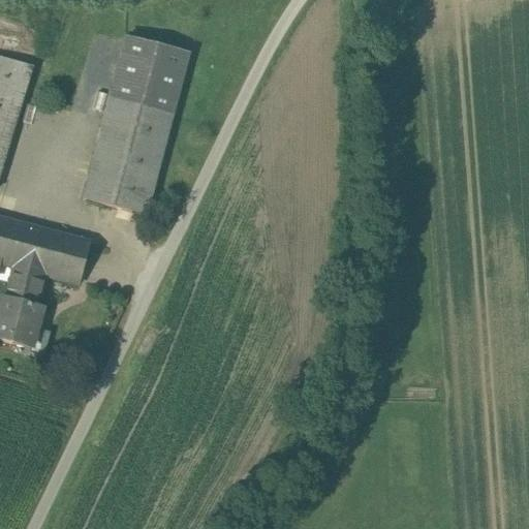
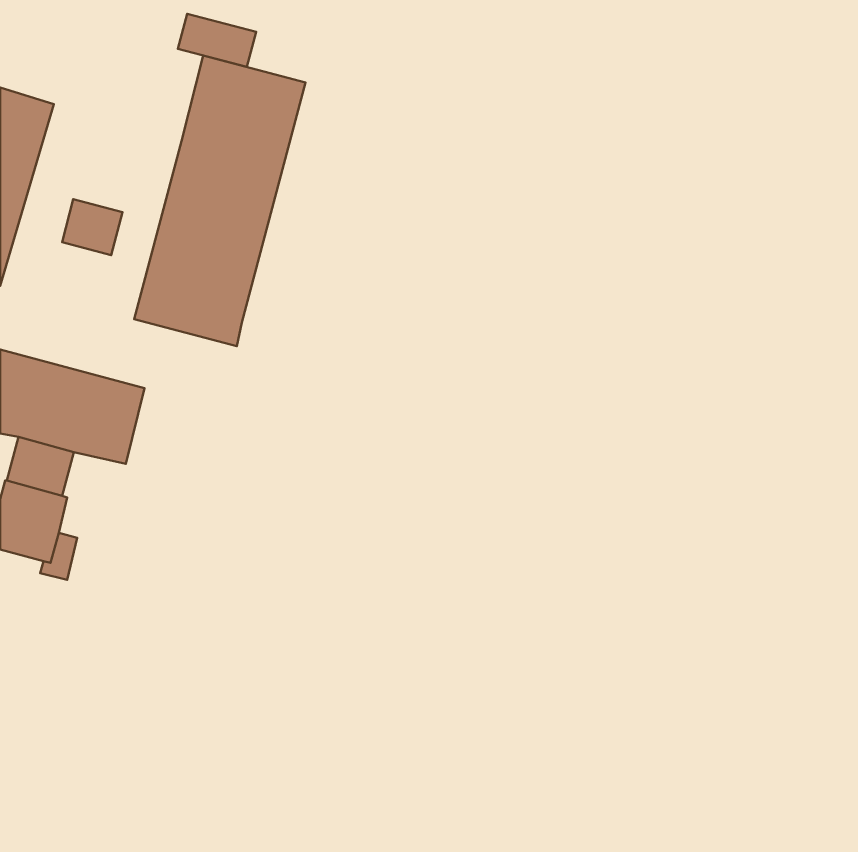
building: none -> [178,14,256,67]
building: none -> [62,199,122,255]

